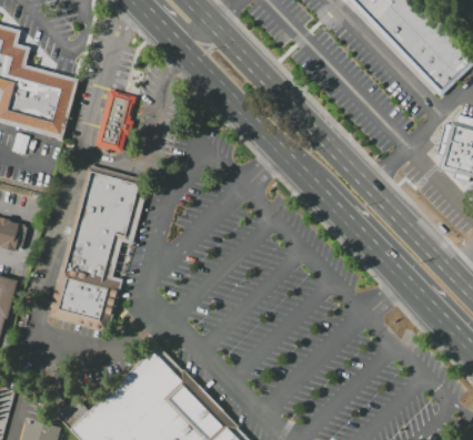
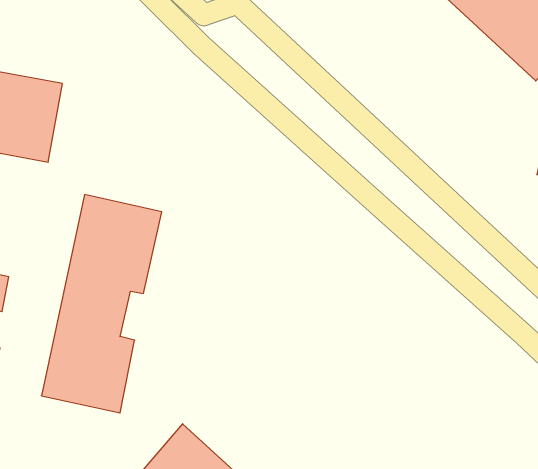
building: [94,91,134,152] -> none

